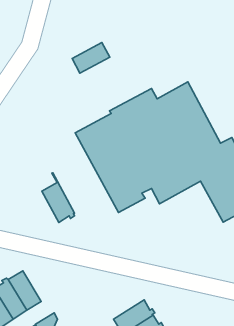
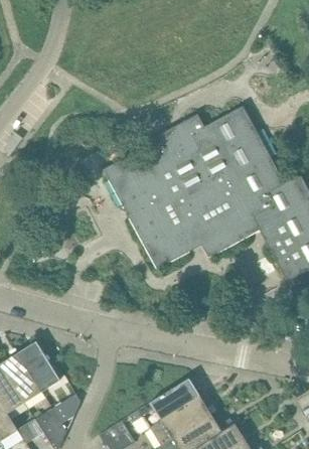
building: [72,42,110,73] -> none
building: [42,173,75,222] -> none

